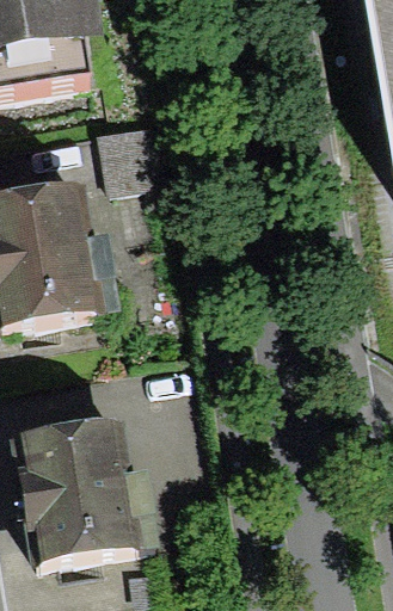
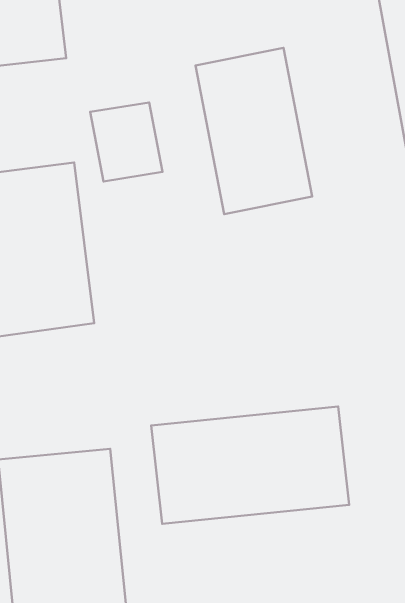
building: none -> [196,48,312,214]
building: none -> [151,407,349,524]

